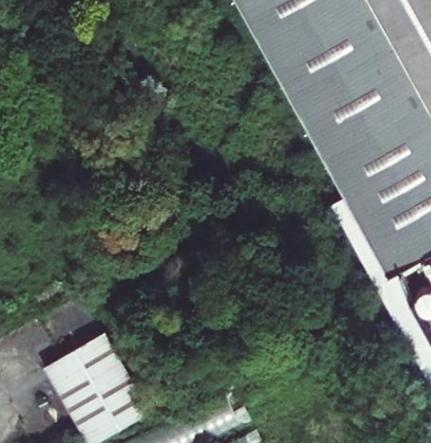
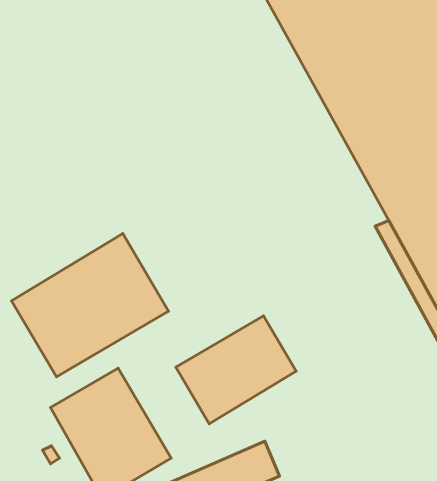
building: none -> [12,233,168,377]
building: none -> [176,316,296,424]

